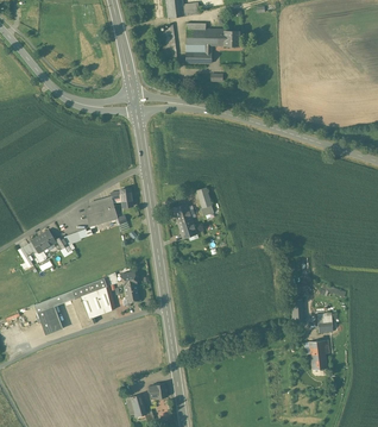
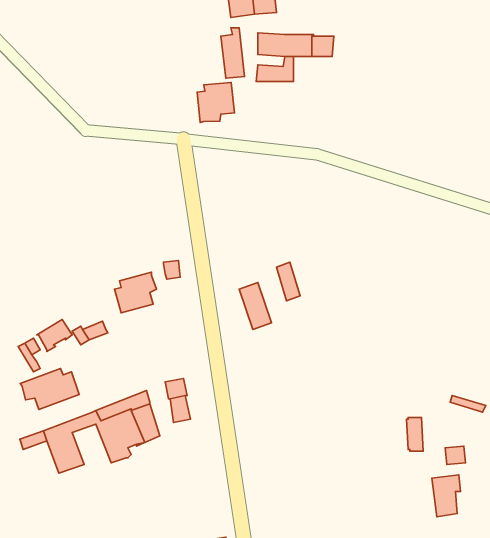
building: none -> [197,82,234,123]
building: none -> [20,369,79,409]

